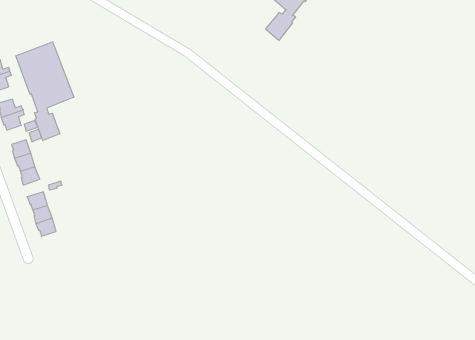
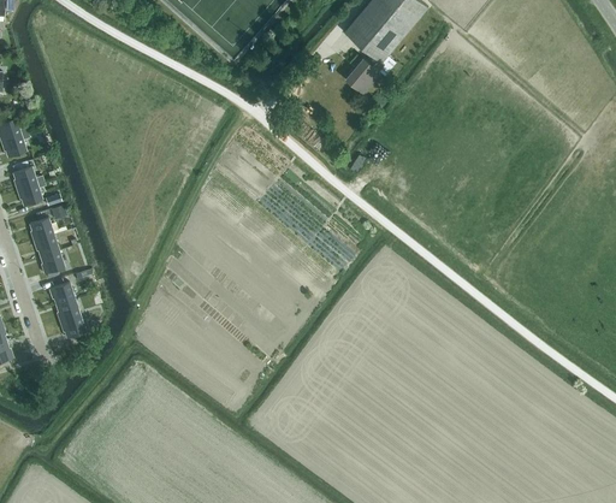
building: [16,42,74,141] -> none

